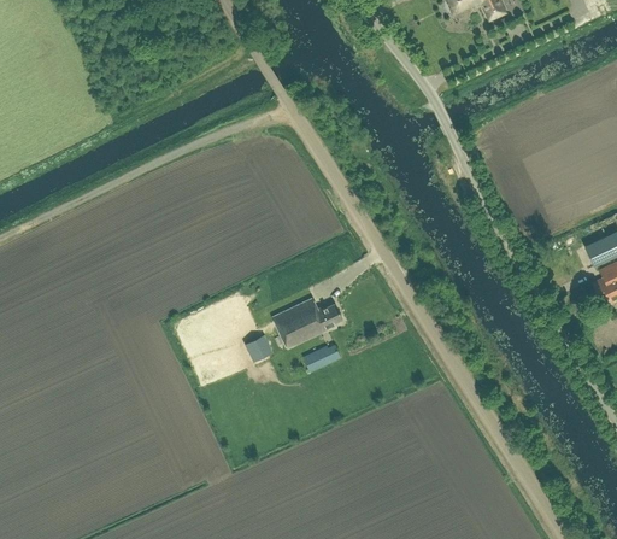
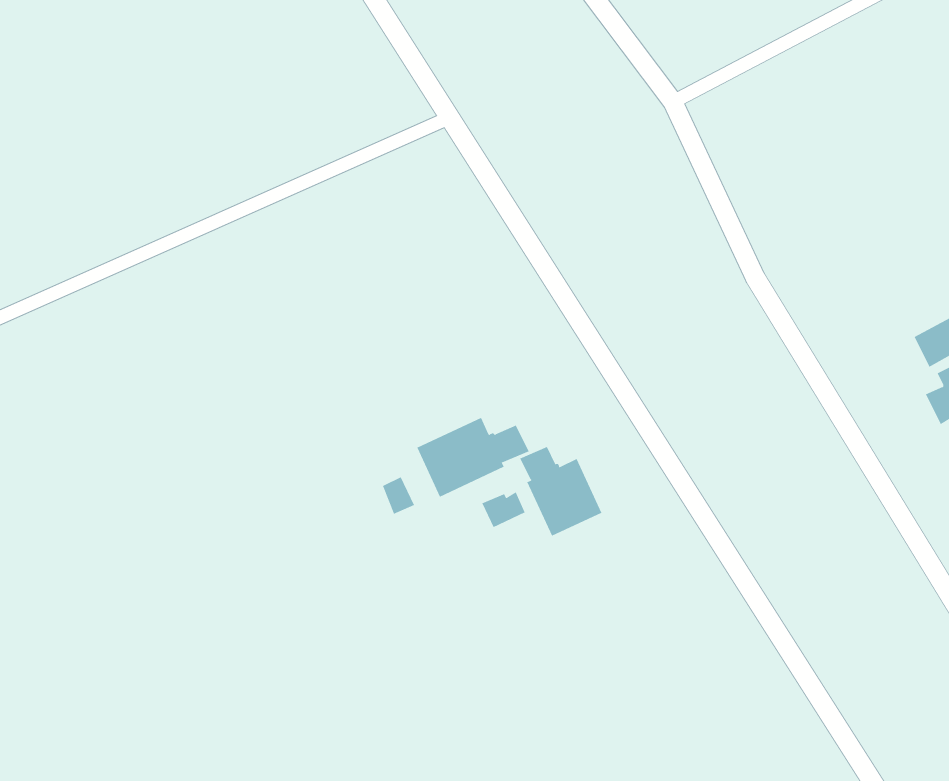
building: none -> [519,446,602,537]

